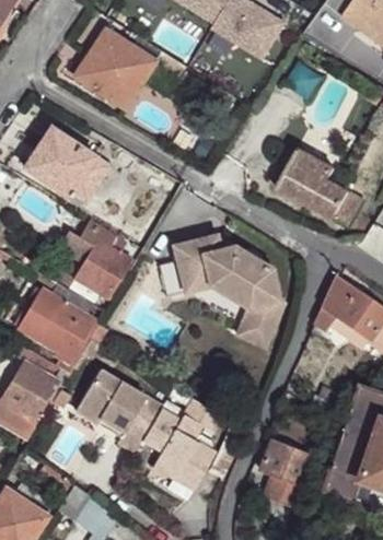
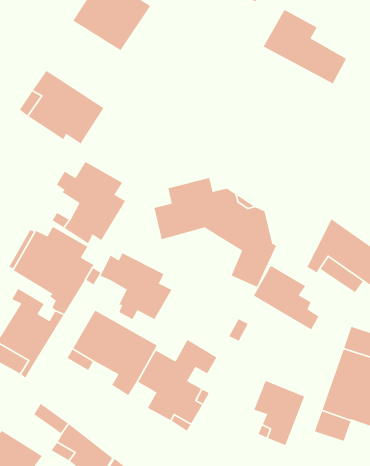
building: [277,149,362,225] -> [263,9,347,85]
building: none -> [100,252,172,320]
building: none -> [253,265,319,331]

